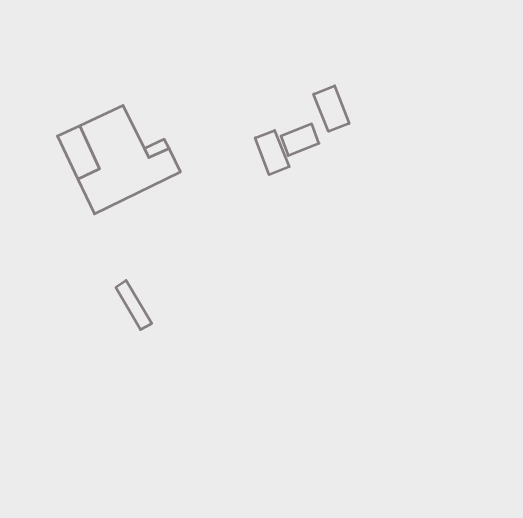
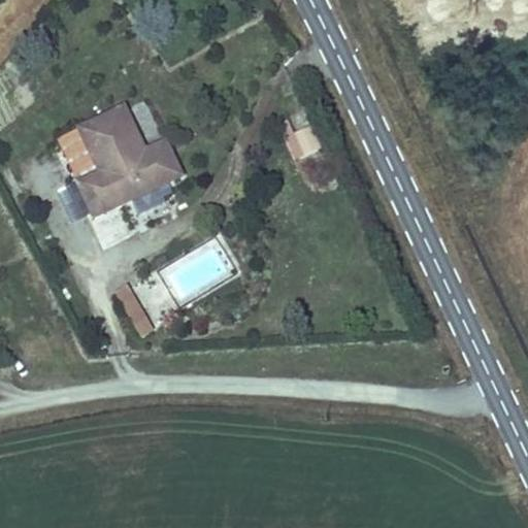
building: [314,86,349,131] -> none
building: [255,130,289,175] -> none

